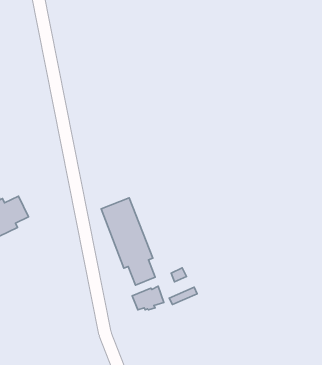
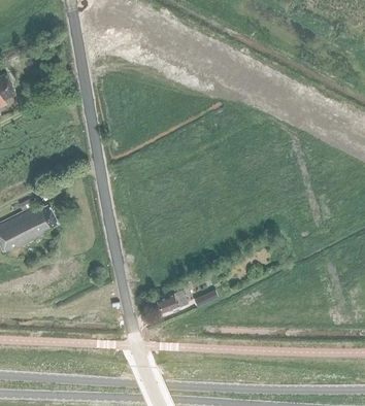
building: [101,198,155,285] -> none

